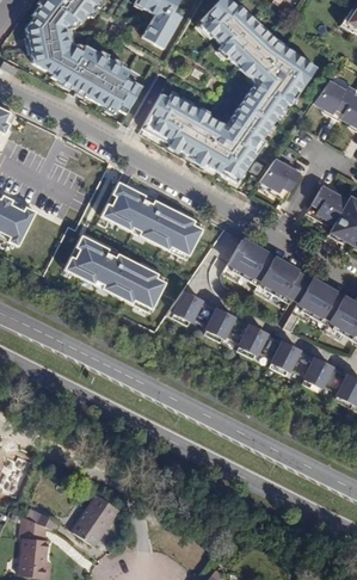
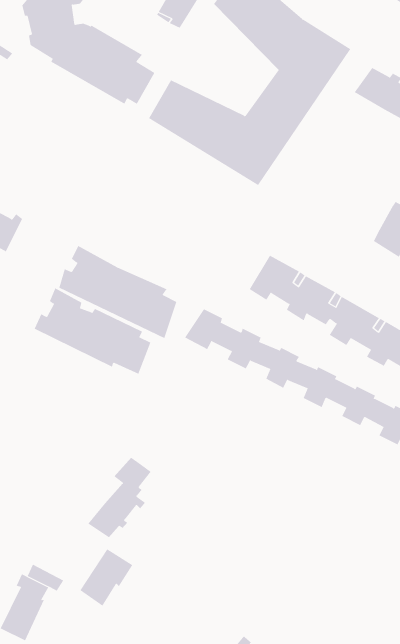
building: [261,158,302,199] -> none
building: [96,180,197,255] -> [34,287,151,374]
building: [308,185,349,223] -> none
building: none -> [87,457,151,538]

